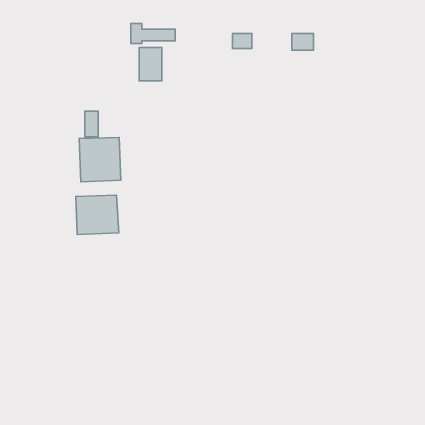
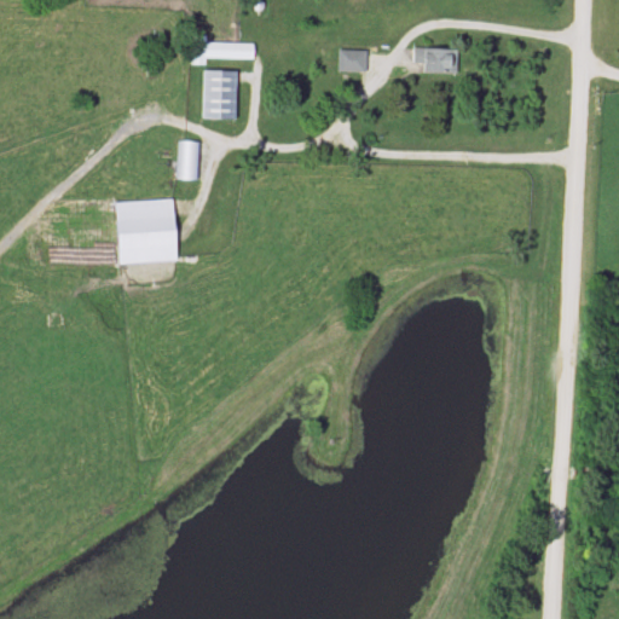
building: [85,111,98,137] -> [178,141,197,179]
building: [76,195,119,235] -> none

